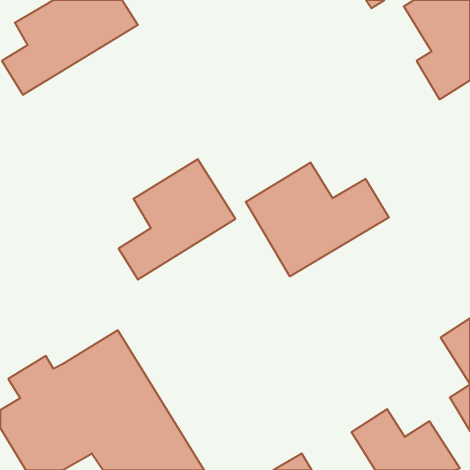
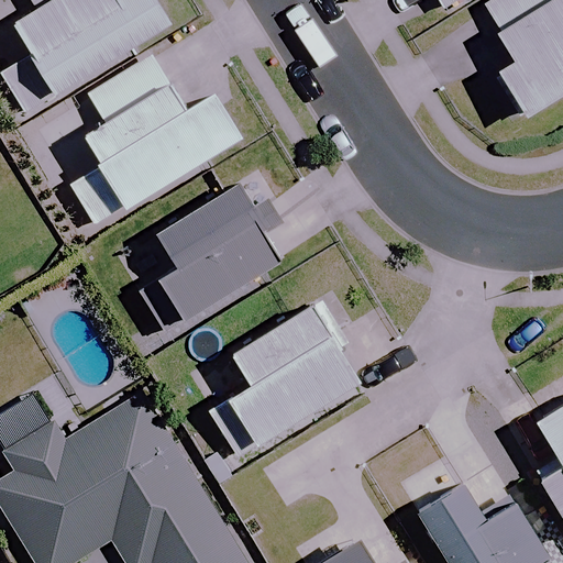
building: none -> [70,55,242,228]
building: [246,162,389,276] -> none
building: none -> [230,300,367,446]

